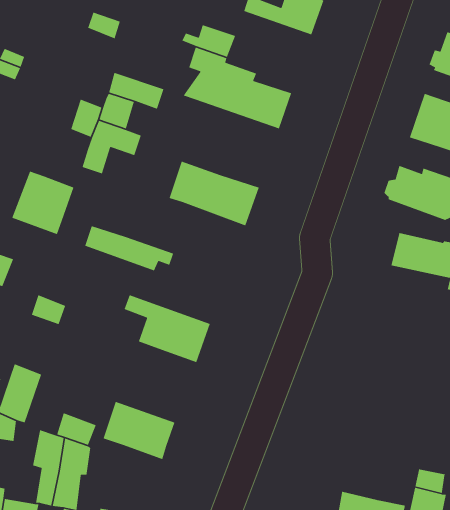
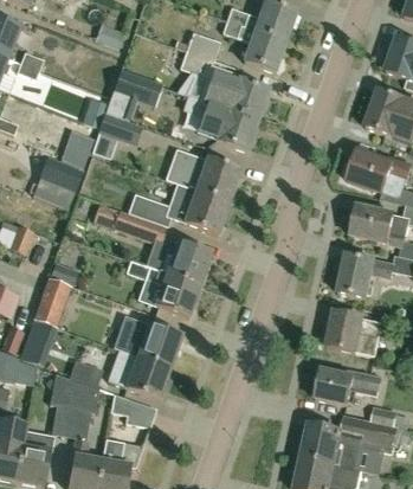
building: none -> [221,21,284,72]
building: none -> [181,96,257,152]
building: none -> [59,129,95,169]
building: none -> [128,182,228,234]
building: none -> [143,232,211,284]
building: none -> [338,256,393,300]
building: none -> [33,277,71,327]
building: none -> [327,313,382,356]
building: none -> [115,315,181,367]
building: none -> [316,368,381,406]
building: none -> [110,393,156,427]

